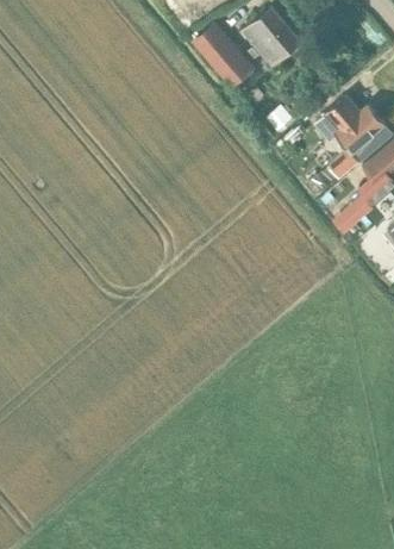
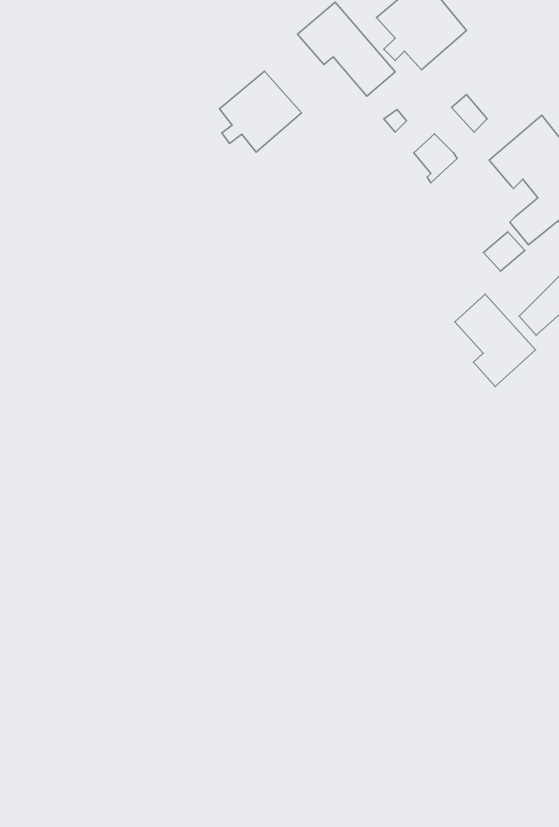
building: none -> [219,71,302,152]
building: none -> [455,294,535,387]

